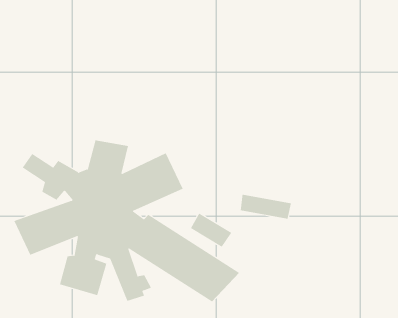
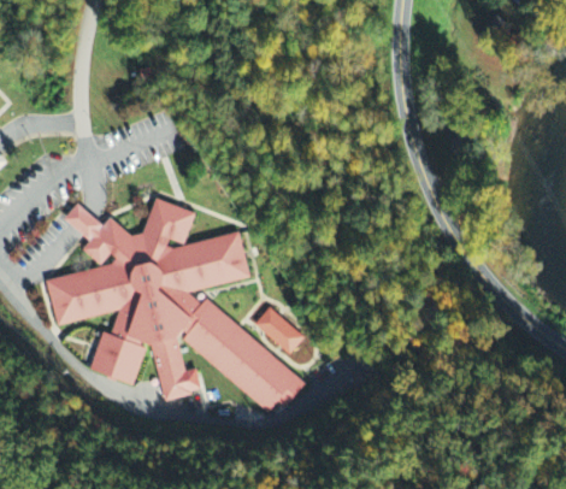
building: [240,194,291,219] -> none

